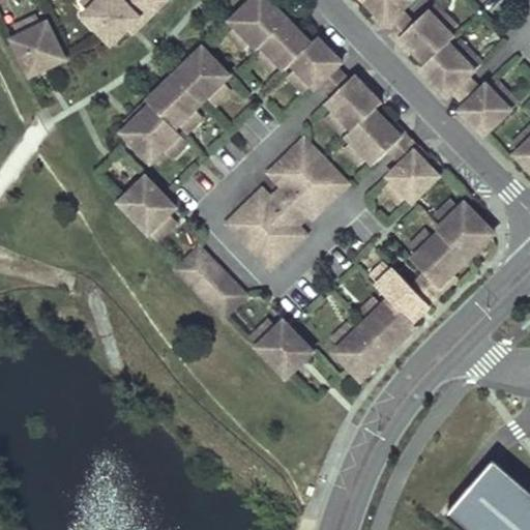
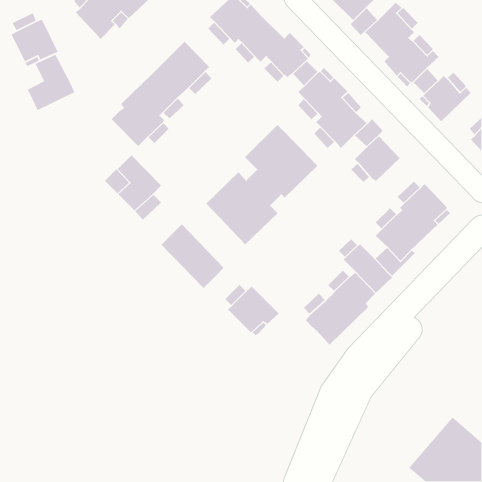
building: none -> [26,54,76,111]

